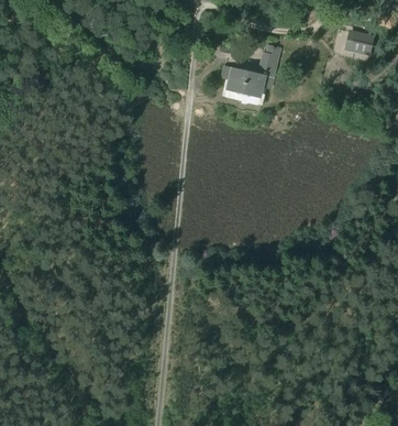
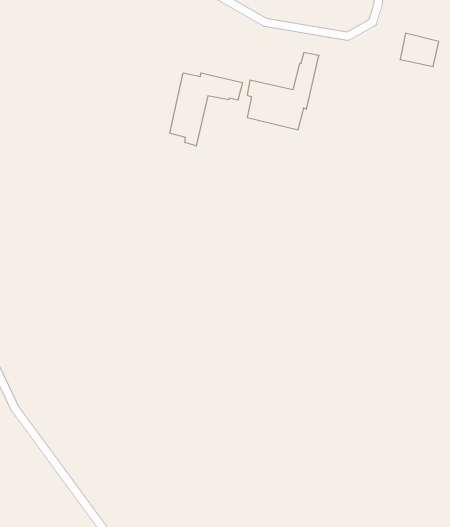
building: none -> [170,73,242,146]

